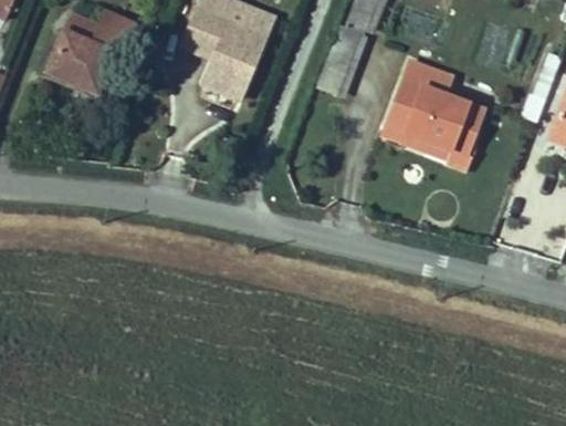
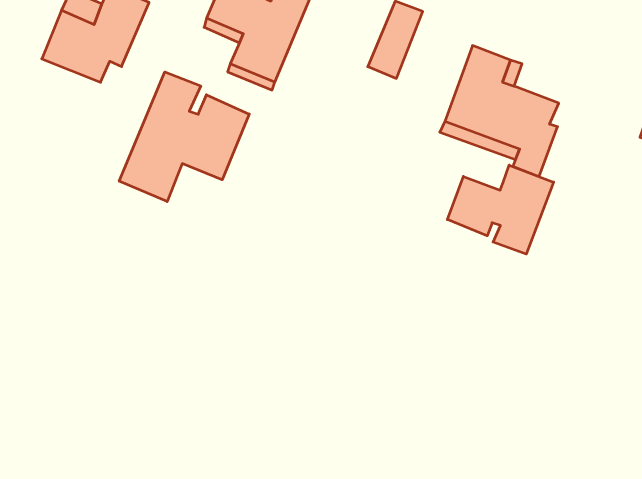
building: none -> [119,72,249,202]
building: none -> [447,165,554,254]

